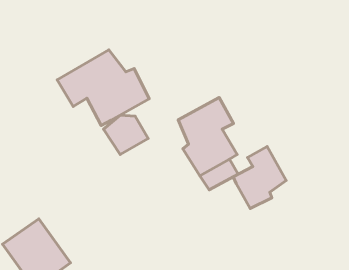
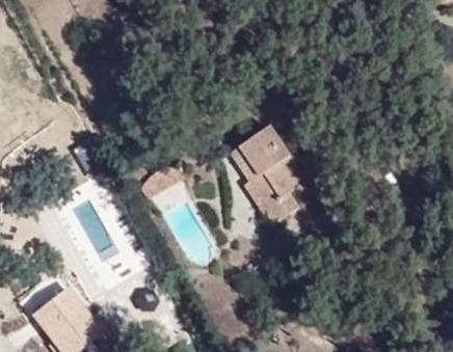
building: [57,50,149,125] -> none
building: [233,146,286,209] -> none

